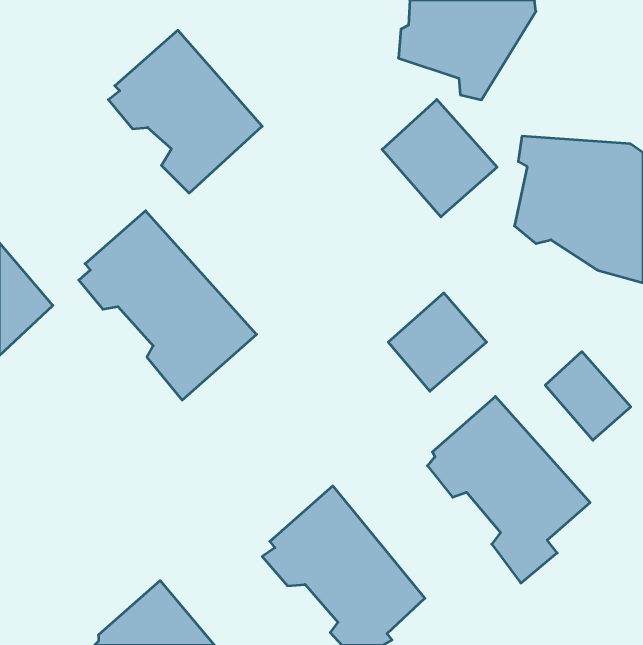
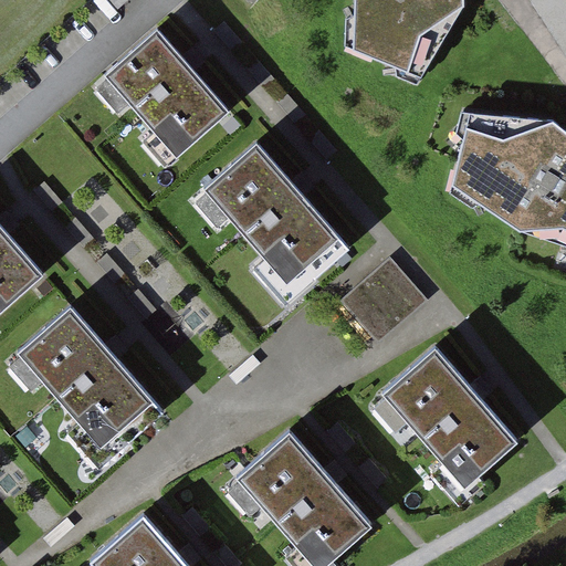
building: [382,99,497,217] -> none
building: none -> [195,143,352,307]
building: [79,211,257,400] -> [10,301,166,467]
building: [545,352,631,440] -> none

